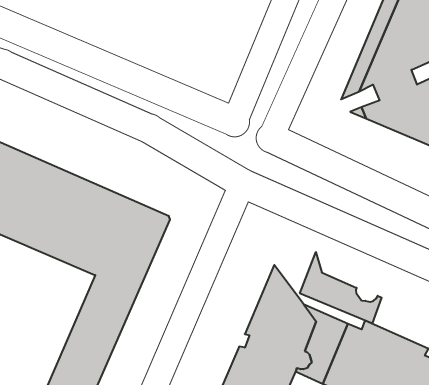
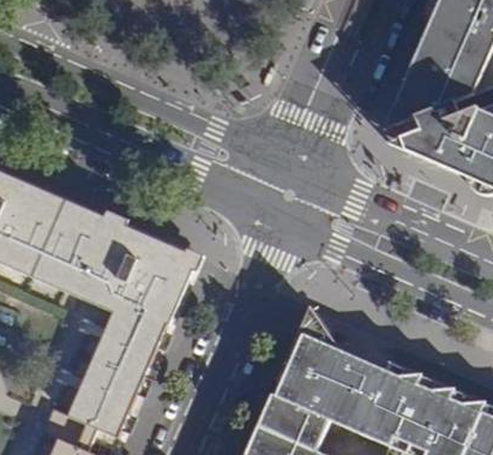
building: [300,252,382,323] -> none

